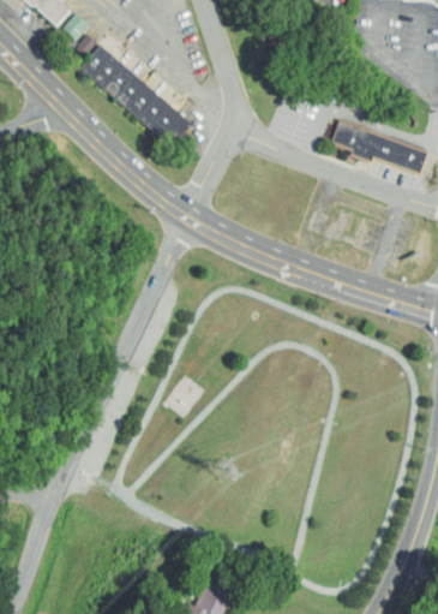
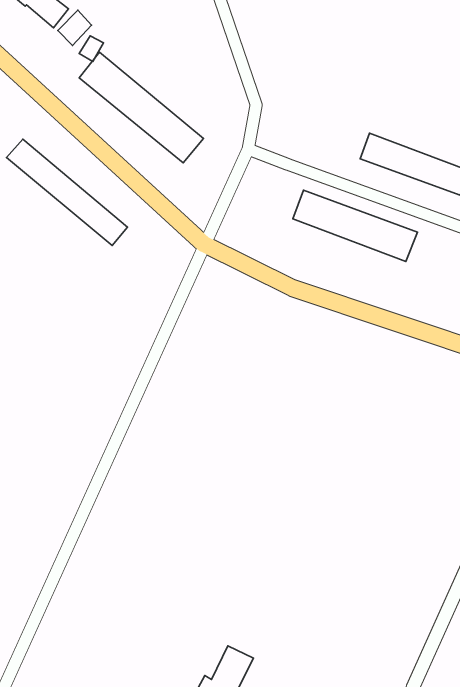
building: none -> [6,139,127,245]
building: none -> [293,190,417,262]

